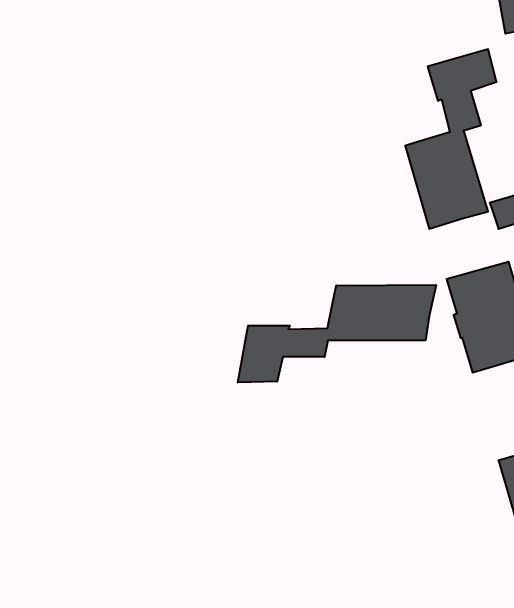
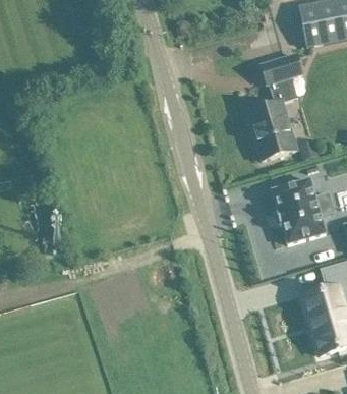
building: [238,285,436,383] -> none

